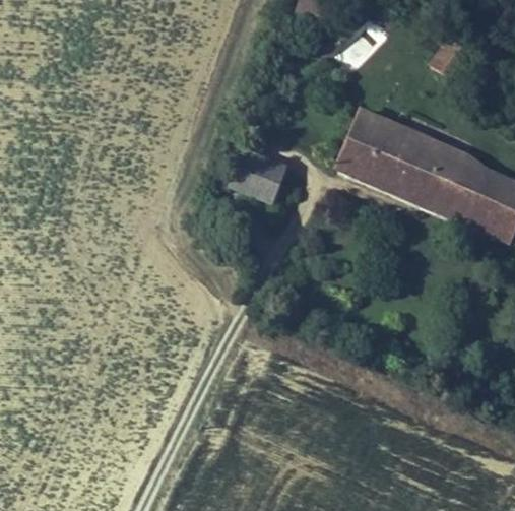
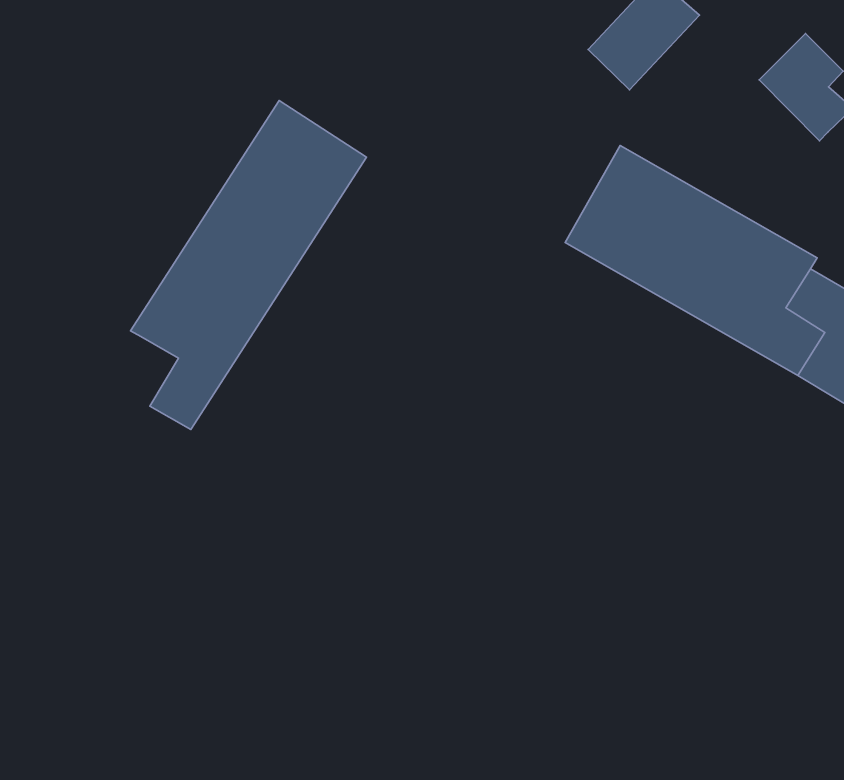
building: none -> [130,101,367,429]
building: [233,149,291,204] -> none

